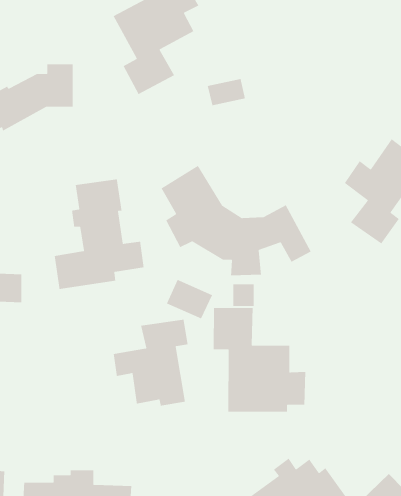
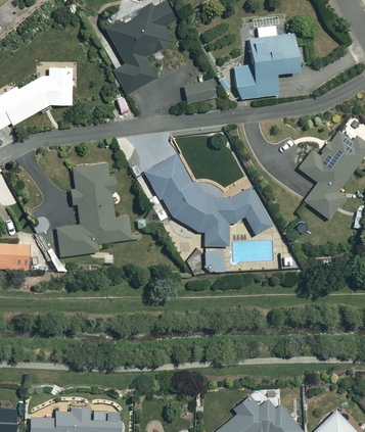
building: none -> [234,25,298,99]
building: [166,279,213,320] -> none
building: [213,307,306,412] -> none
building: [113,319,189,407] -> none

